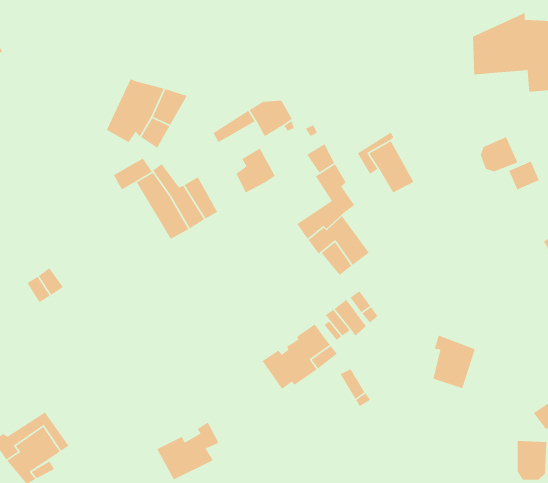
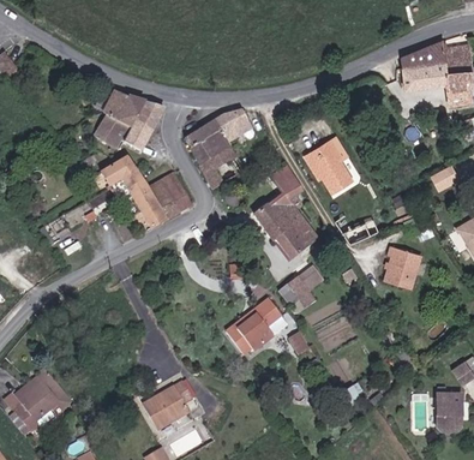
building: none -> [188,129,230,172]
building: [480,136,518,172] -> none
building: [432,334,476,389] -> [385,246,421,292]

